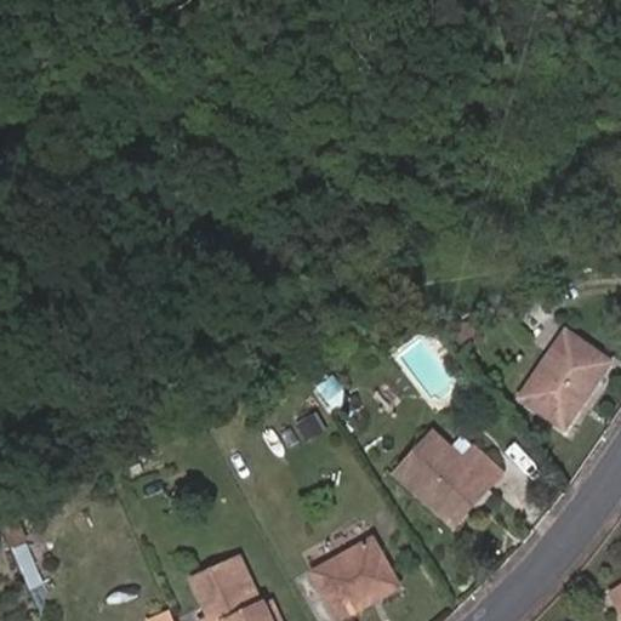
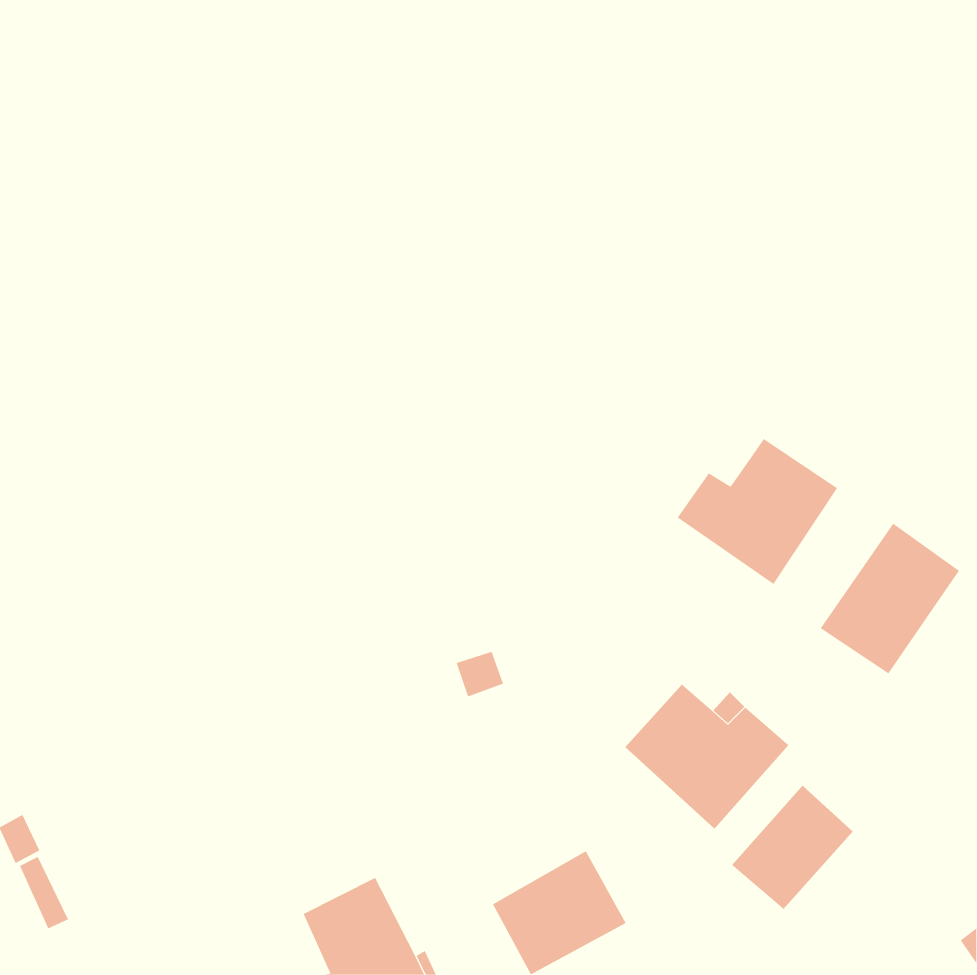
building: none -> [677,438,838,585]
building: none -> [731,785,853,910]

